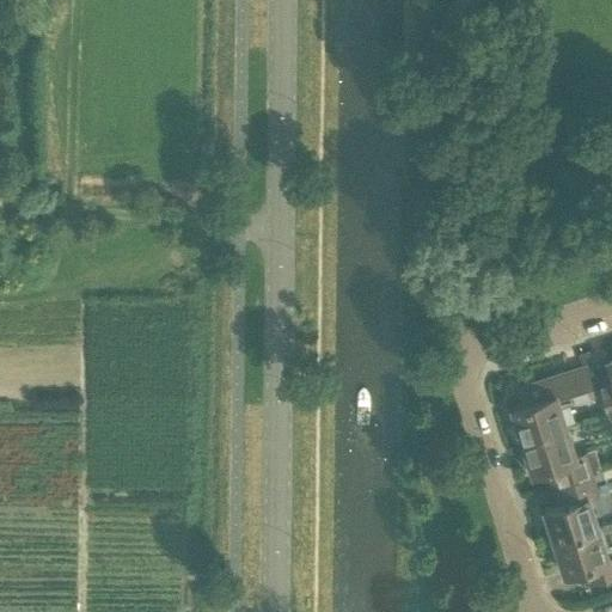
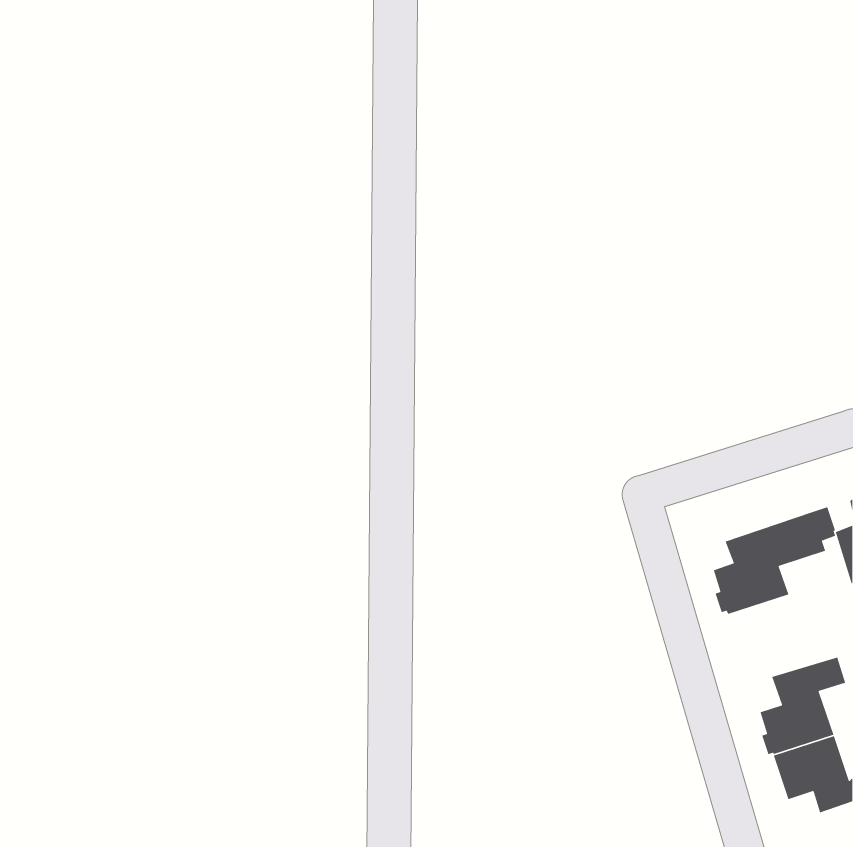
building: [521,430,600,489] -> none

